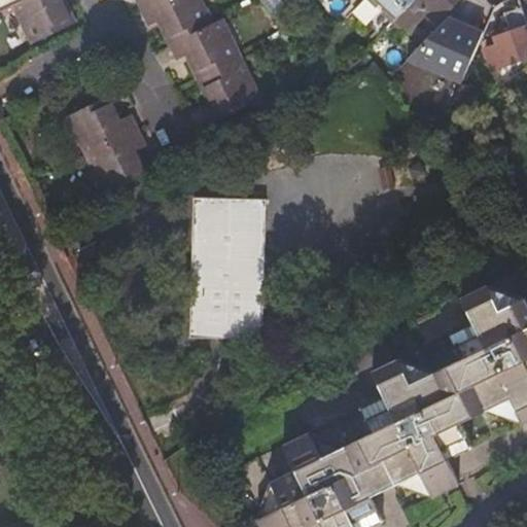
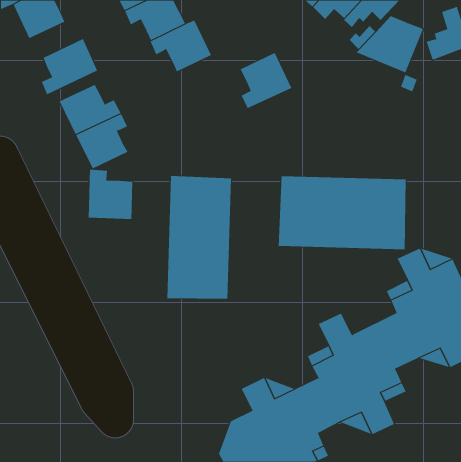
building: none -> [41,38,98,95]
building: [203,63,262,128] -> [240,52,292,109]
building: none -> [88,169,133,220]
building: none -> [278,175,406,250]

